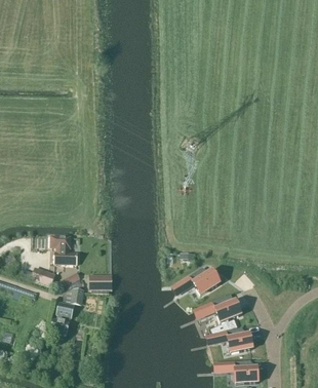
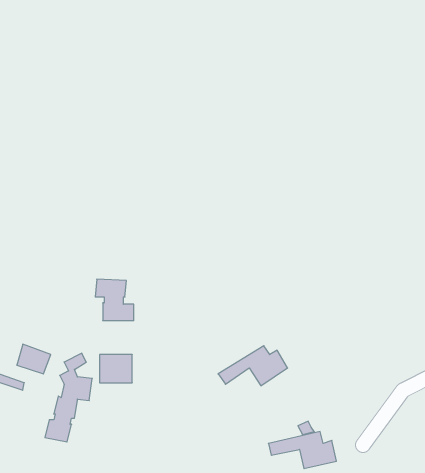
building: [50,235,77,264] -> [95,279,134,321]
building: [194,296,241,322] -> none

